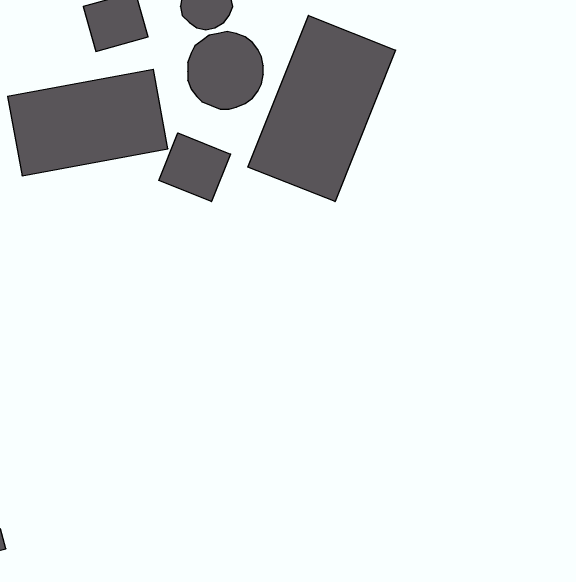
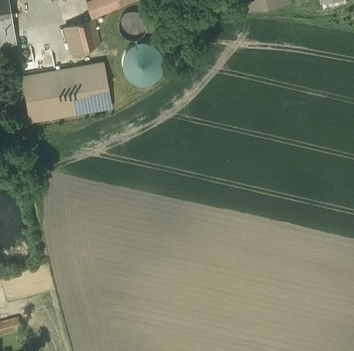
building: [248,15,396,202] -> none
building: [159,133,231,202] -> none

